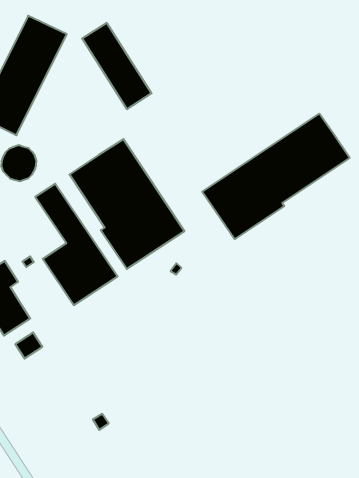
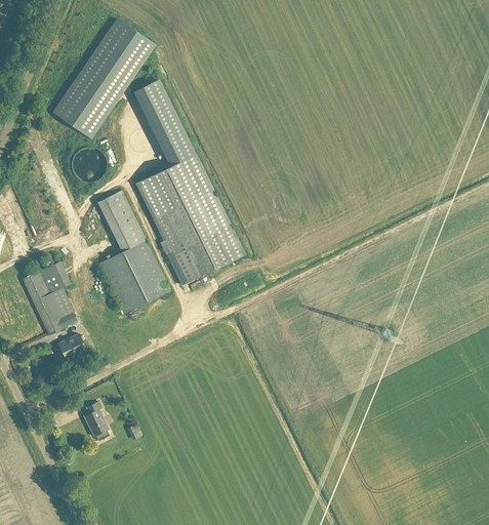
building: [82,23,152,109] -> [132,79,194,167]
building: [202,114,350,239] -> none
building: none -> [83,401,107,441]

